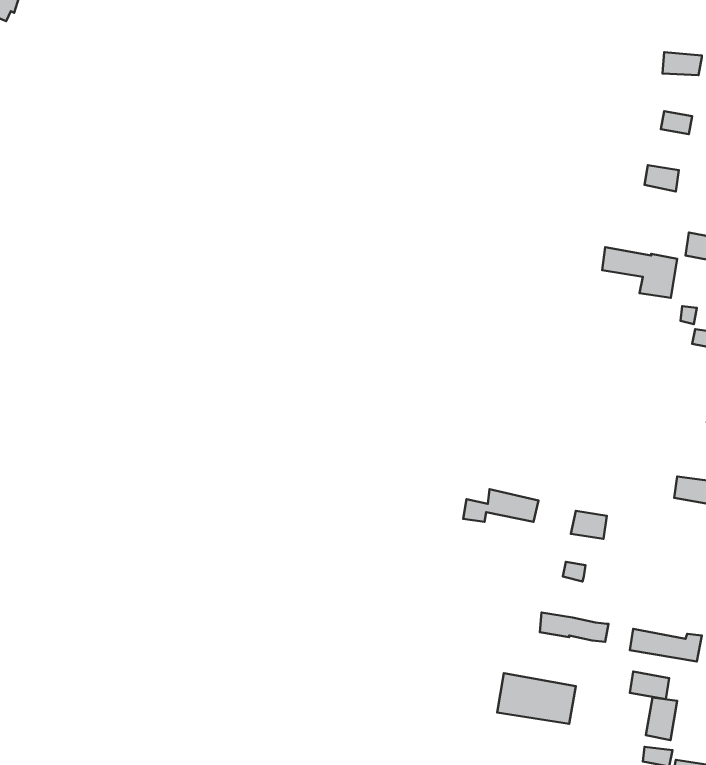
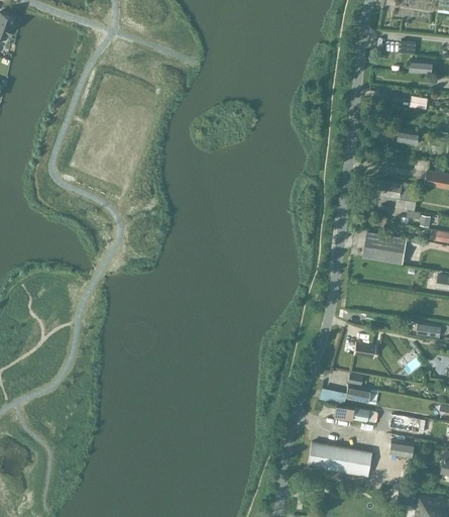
building: none -> [362,231,419,263]
building: [463,489,539,522] -> [331,384,377,404]
building: [646,698,677,740] -> [351,449,370,476]

